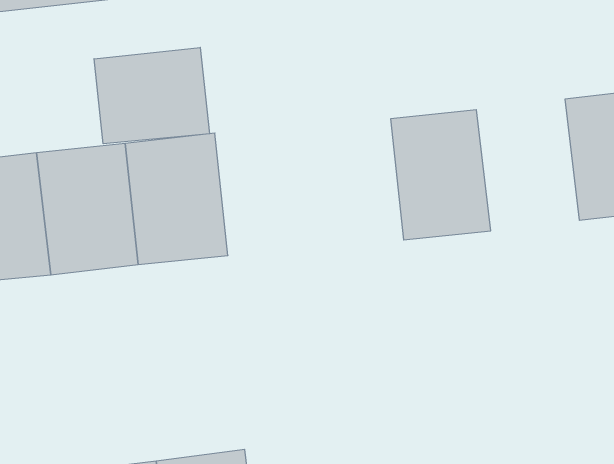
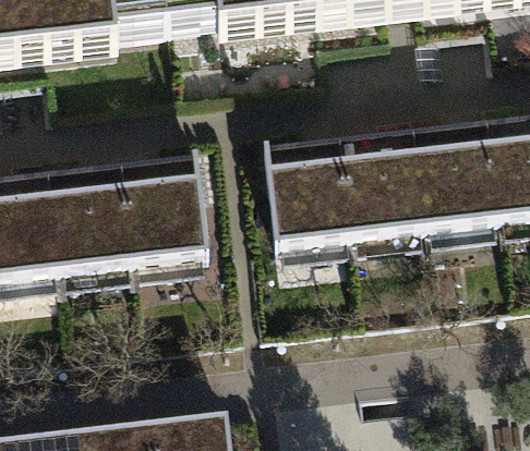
building: [94,47,210,144] -> none
building: none -> [411,129,497,239]
building: none -> [264,145,350,255]

